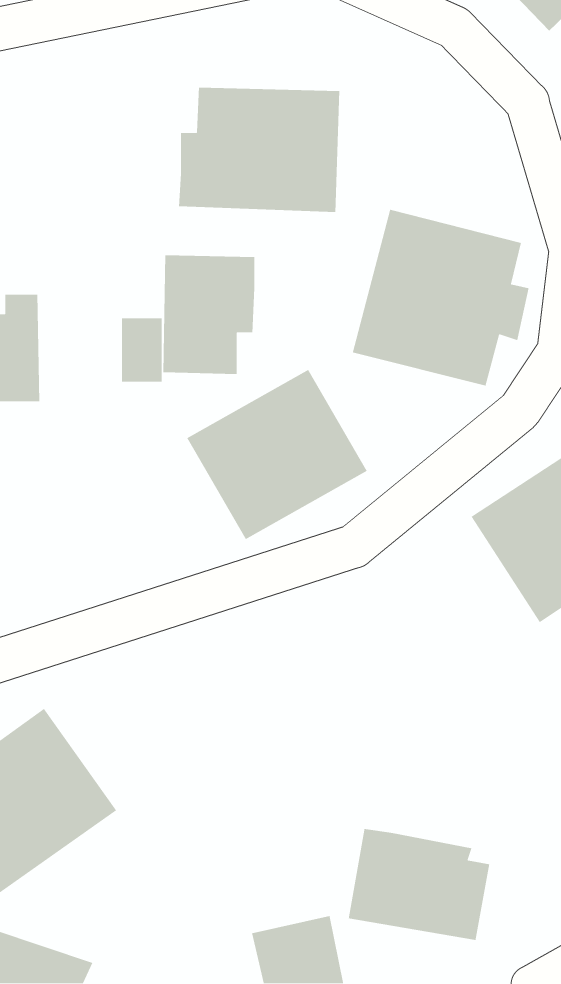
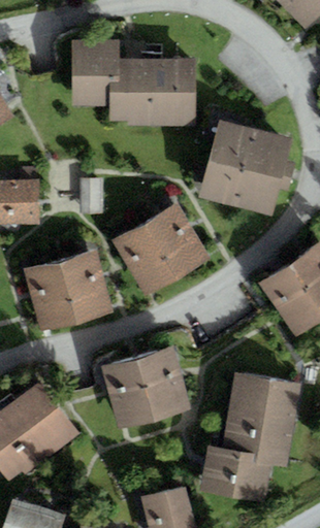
building: [162,254,255,375] -> [71,39,120,102]
building: none -> [24,251,110,330]
building: none -> [103,349,188,427]
building: none -> [221,372,299,465]

